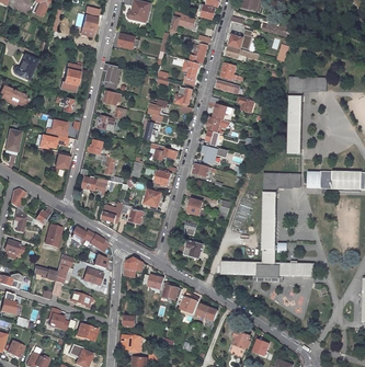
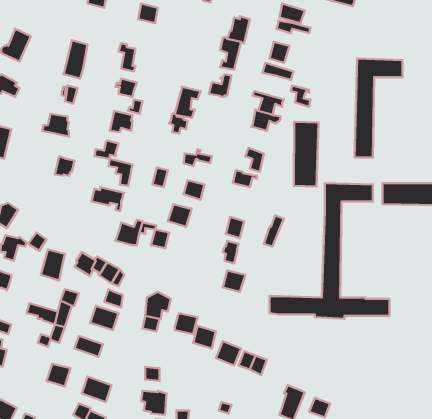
building: none -> [294,122,318,187]

